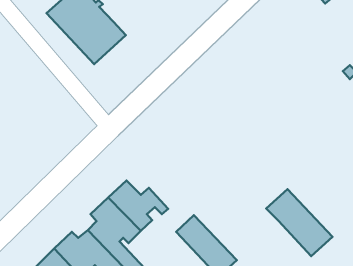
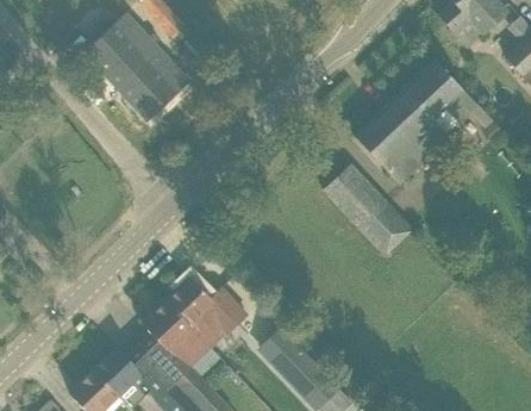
building: none -> [354,60,476,185]
building: [266,189,332,256] -> [323,164,412,255]

